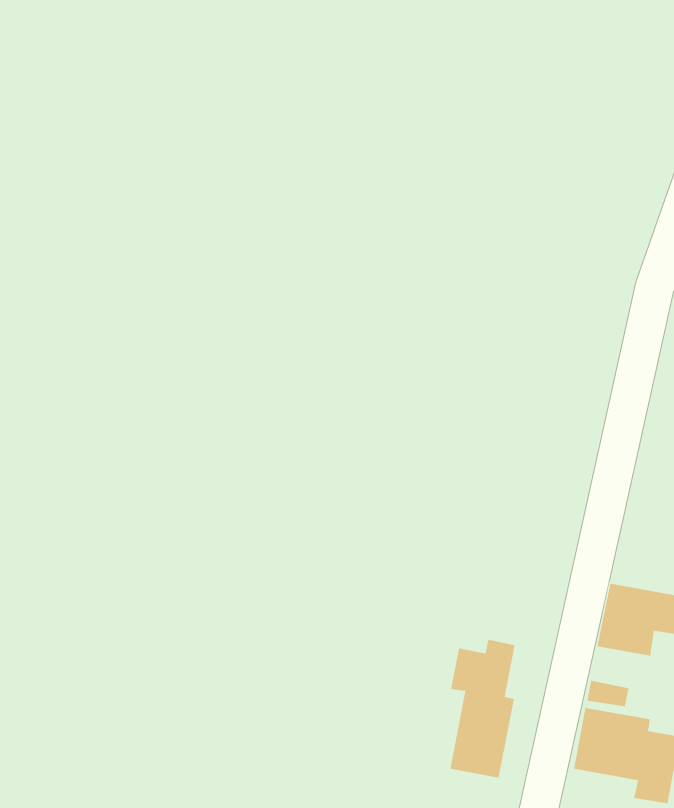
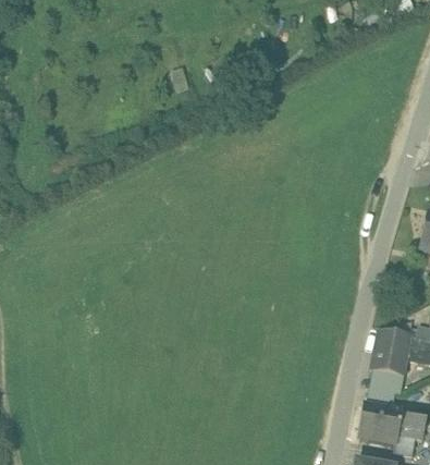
building: [449,639,515,778] -> none

